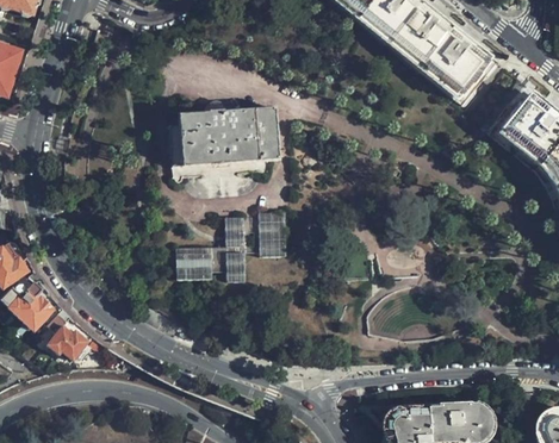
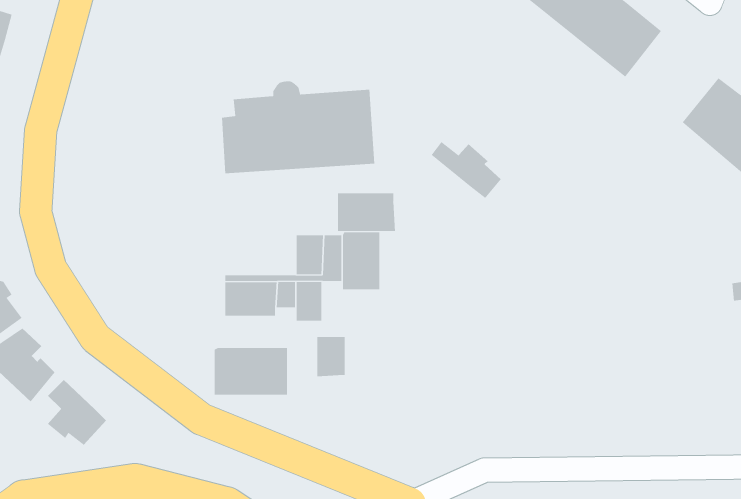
building: none -> [431,141,501,199]
building: none -> [338,193,396,232]
building: none -> [317,336,345,377]
building: none -> [214,347,288,396]

